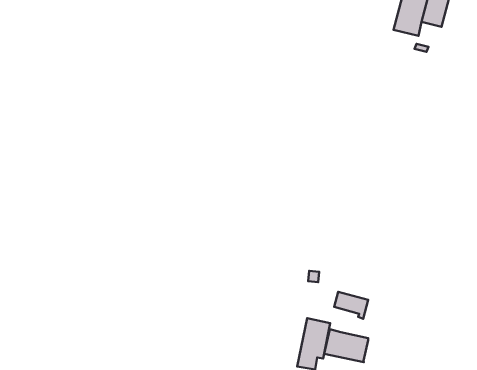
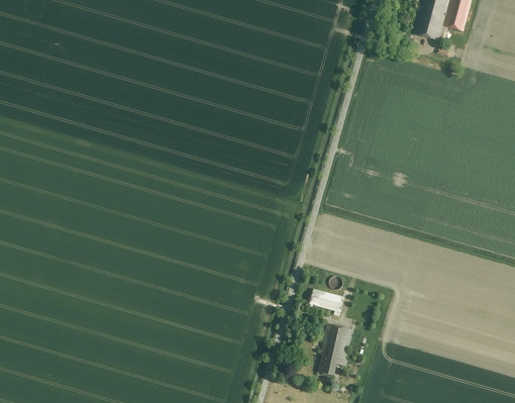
building: [334,292,368,319] -> [309,289,343,316]
building: [324,329,368,362] -> none

